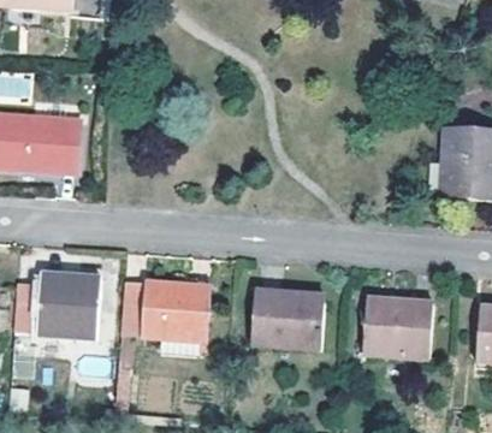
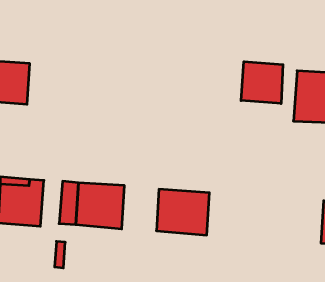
building: none -> [241,62,283,104]
building: [363,297,433,361] -> none

